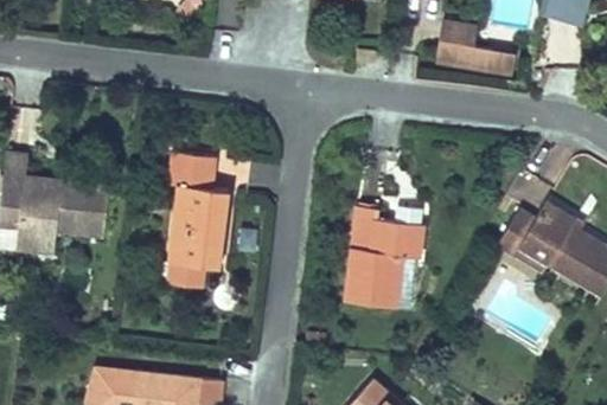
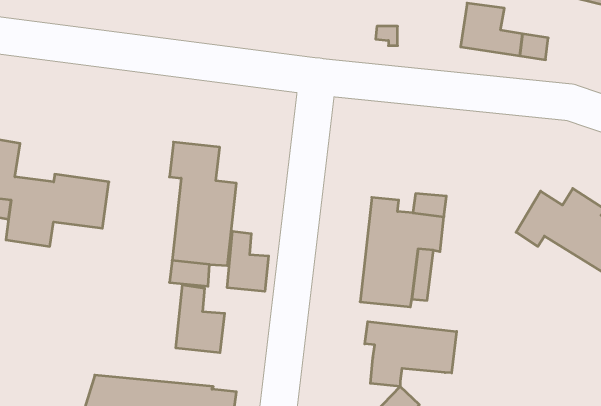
building: none -> [227,231,269,291]
building: none -> [176,285,225,353]
building: none -> [365,322,457,387]

